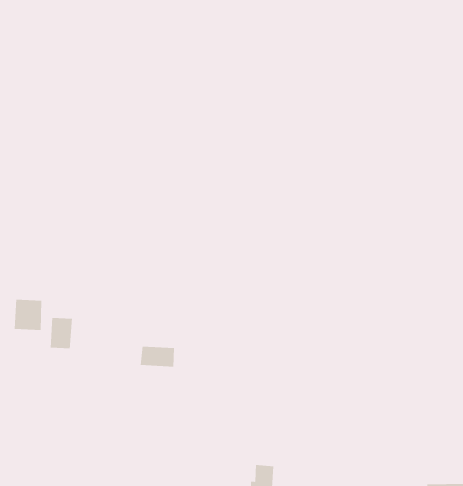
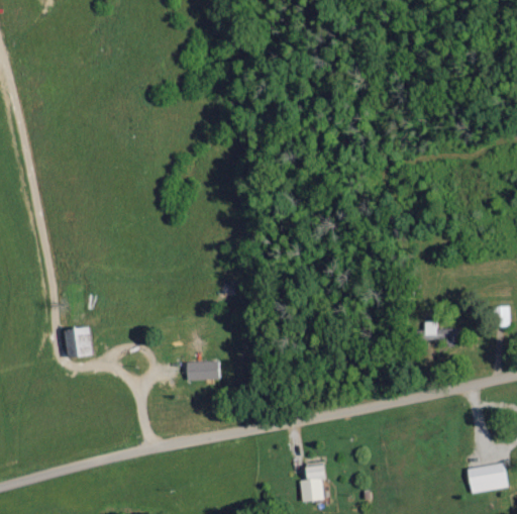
building: [50,317,73,349] -> none
building: none -> [425,321,457,338]

